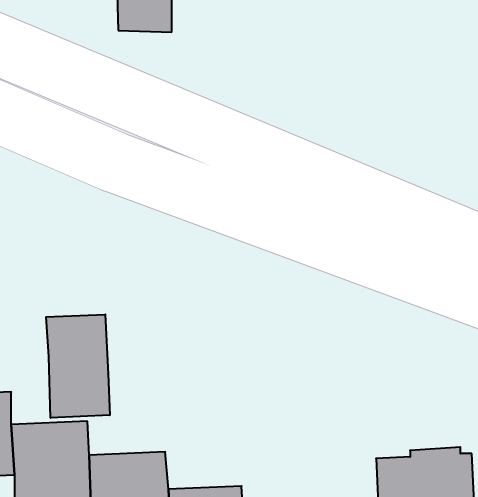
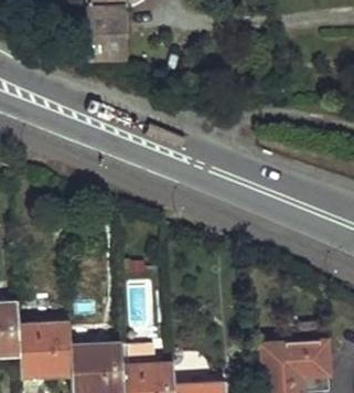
building: [46,314,110,418] -> none

